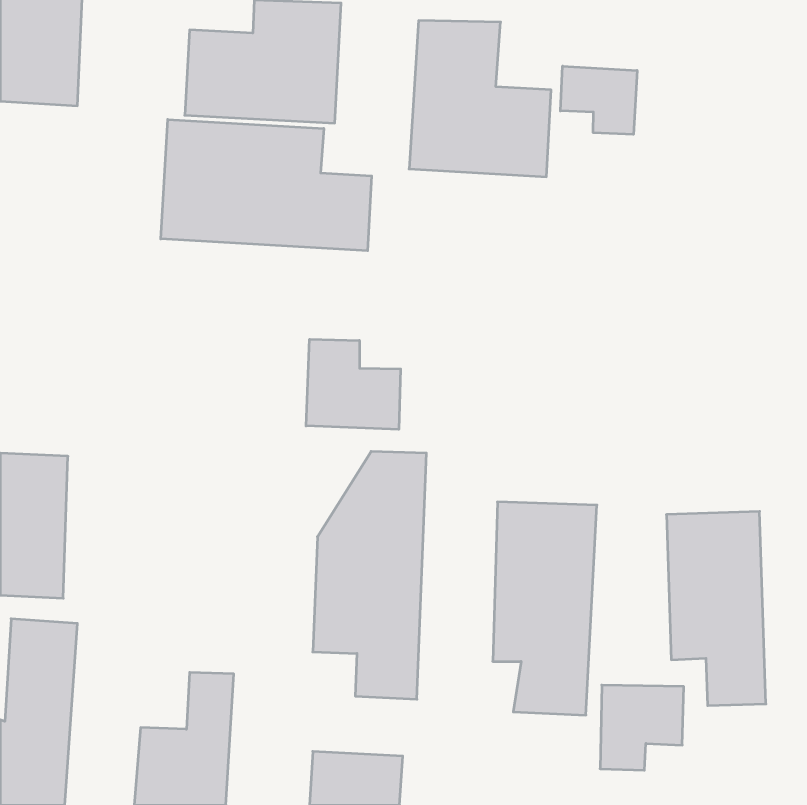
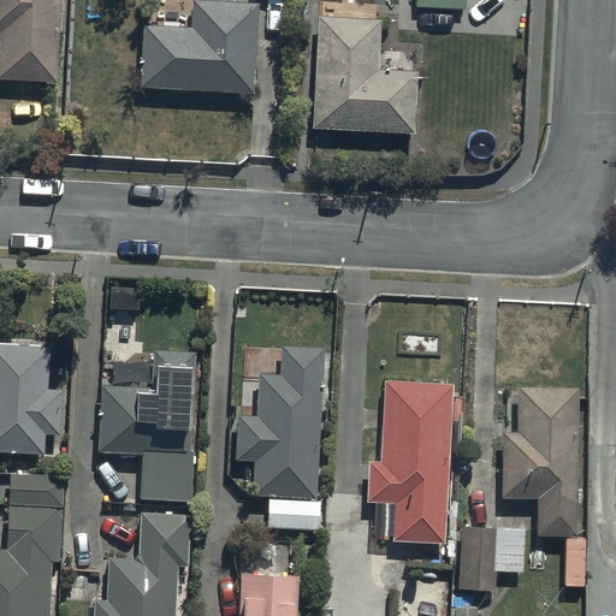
building: [560,66,637,134] -> none
building: [161,119,372,251] -> none
building: [306,339,401,429] -> none
building: none -> [97,363,195,502]

